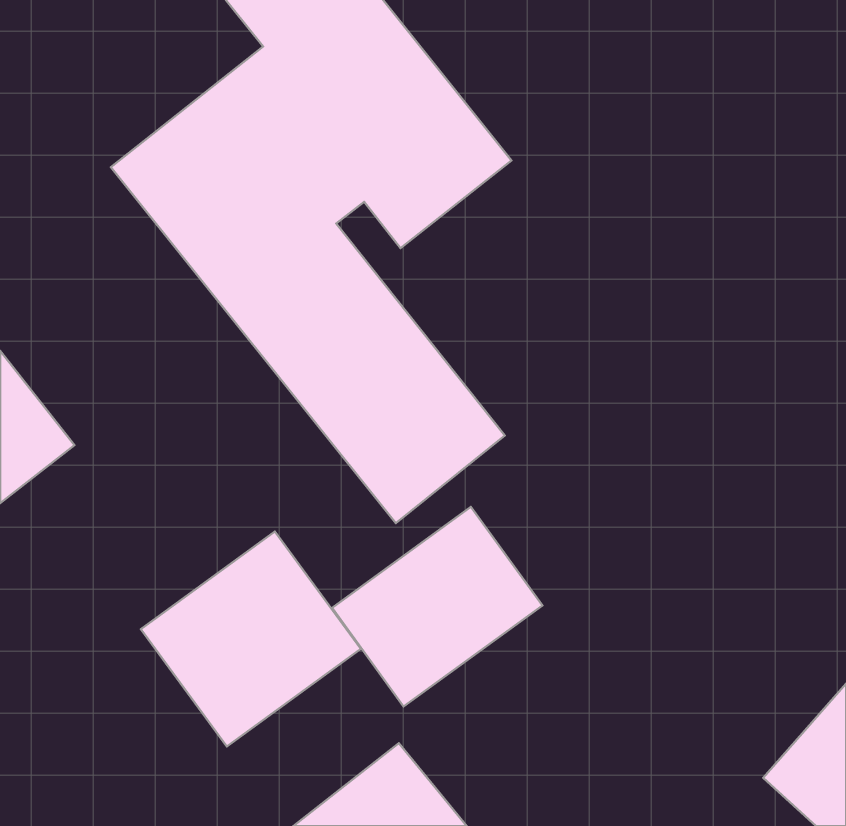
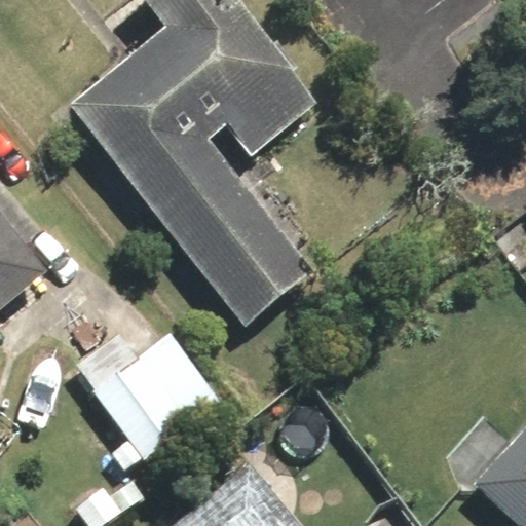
building: [332,507,542,707] -> none

